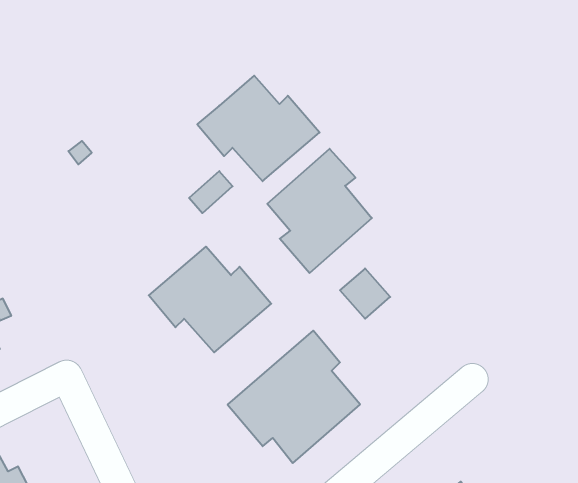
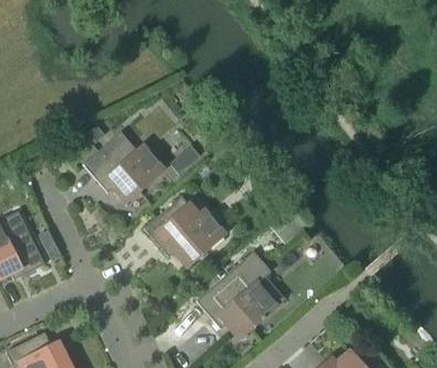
building: [197,76,320,181] -> [83,131,164,201]
building: [267,149,372,273] -> none

